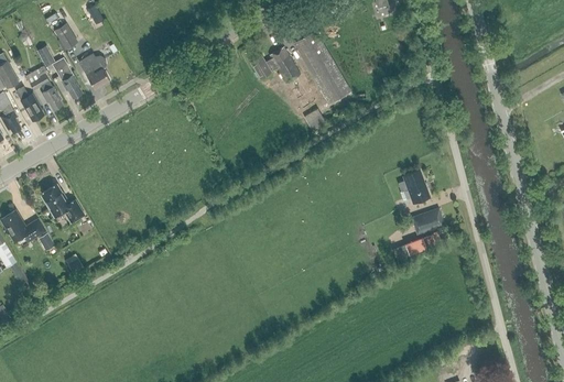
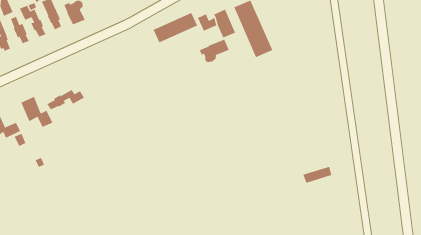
building: none -> [153,12,198,43]
building: none -> [199,39,230,63]
building: none -> [47,89,85,110]
building: [398,170,429,203] -> none
building: [412,208,444,233] -> none

